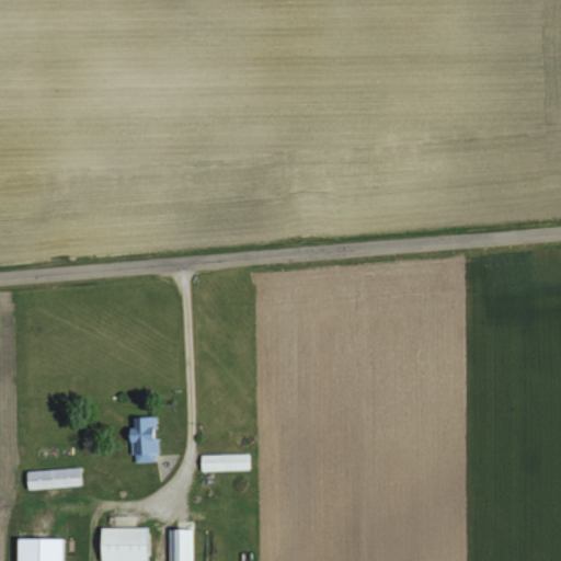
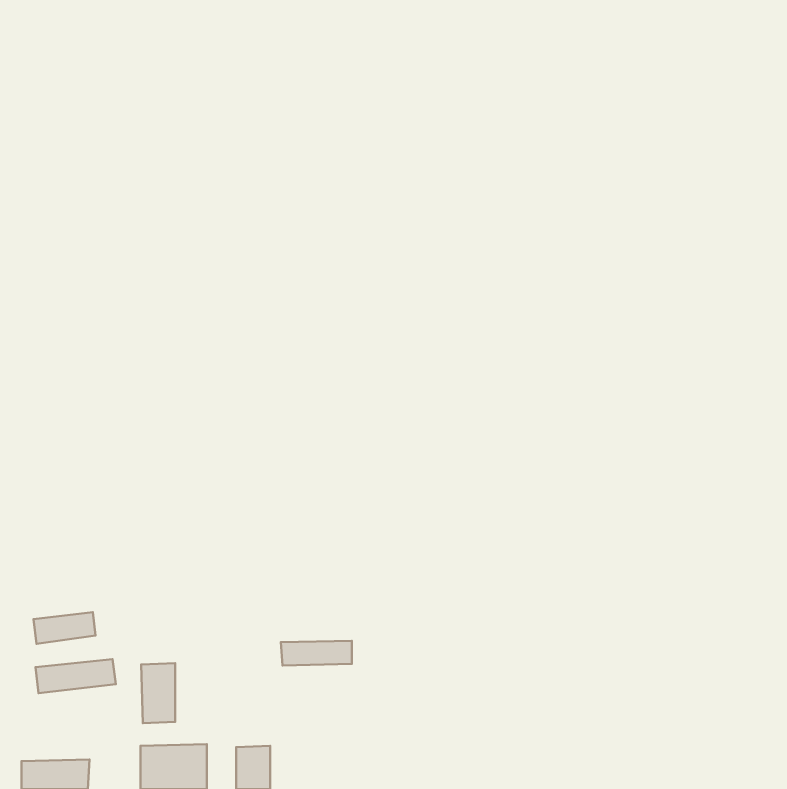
building: [133,417,157,460] -> [141,663,175,723]
building: none -> [34,612,95,644]

